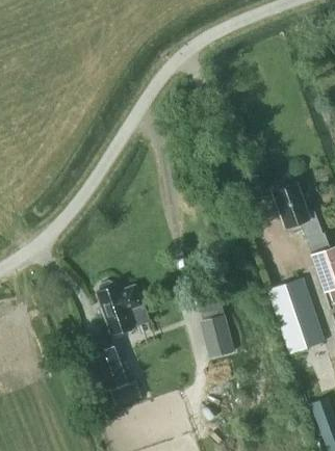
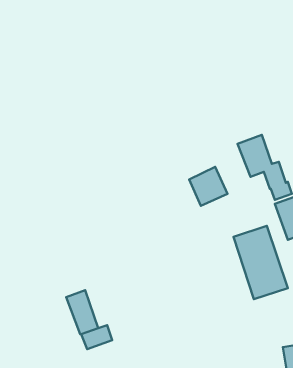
building: none -> [189,167,227,206]
building: [98,282,151,340] -> none
building: [206,315,236,356] -> none

